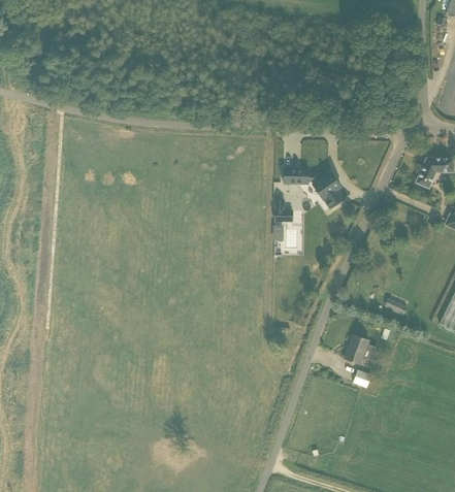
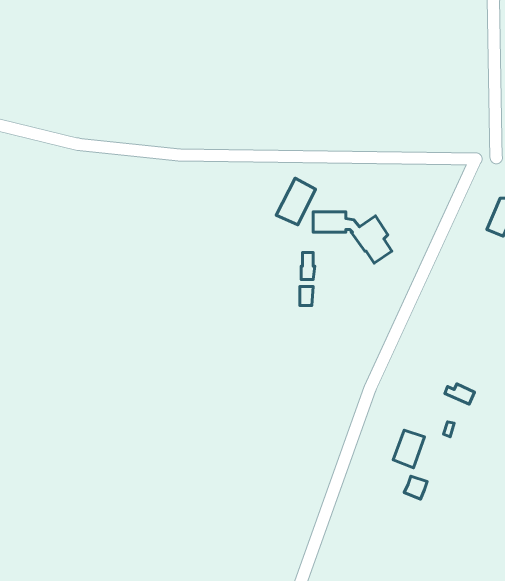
building: none -> [276,178,316,225]

